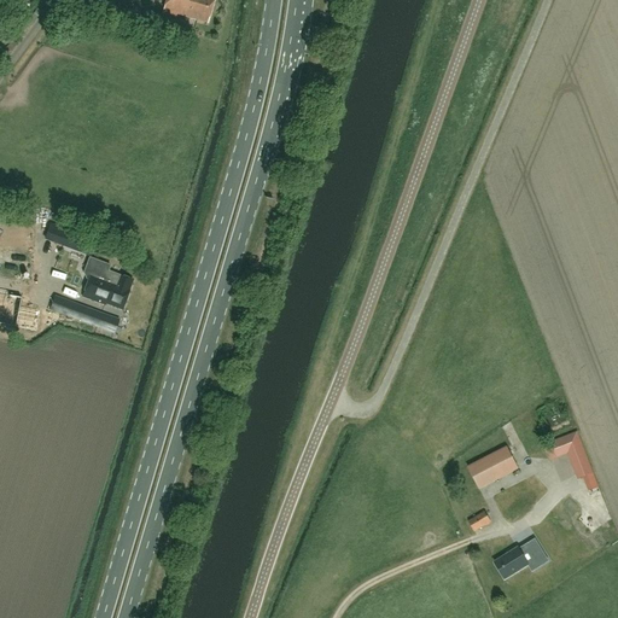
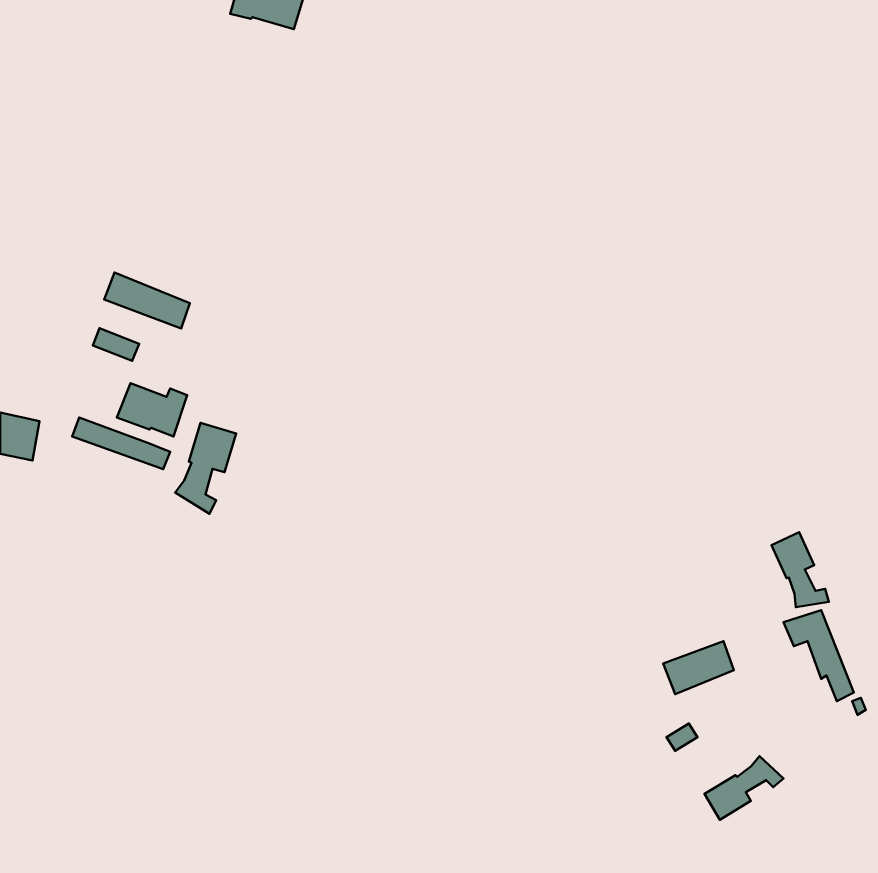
building: none -> [104,273,190,329]
building: none -> [175,423,236,514]
building: none -> [771,532,829,607]

